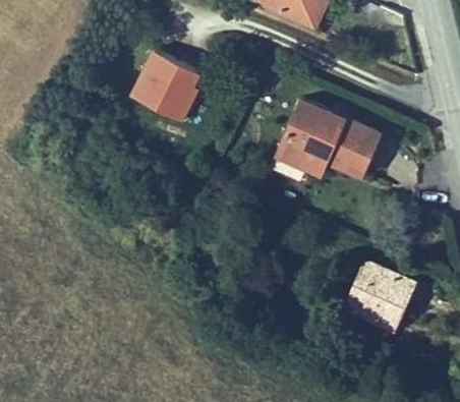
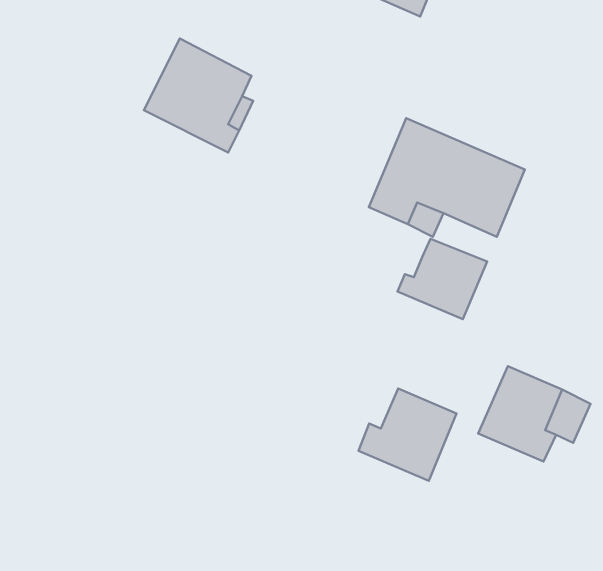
building: none -> [398,239,487,319]
building: none -> [359,389,457,481]

